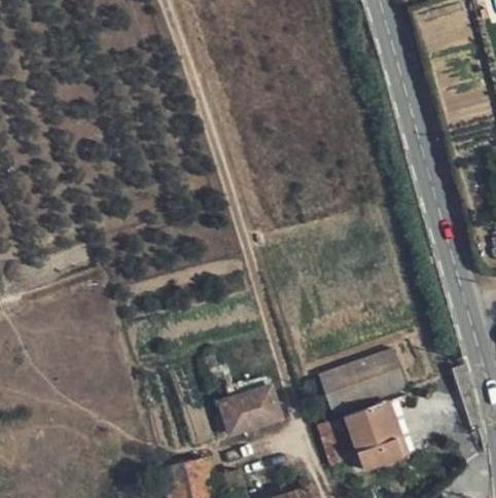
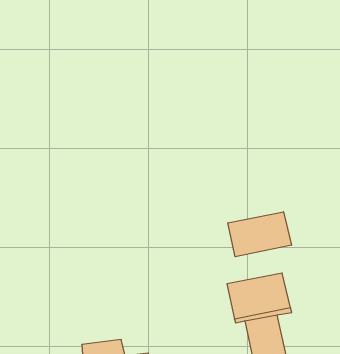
building: none -> [228,212,291,257]
building: [222,388,281,435] -> none

